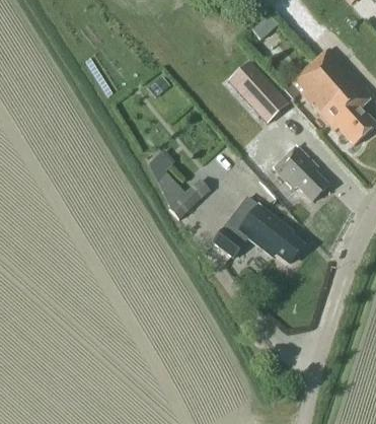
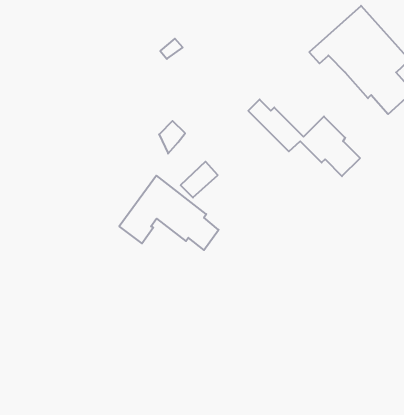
building: [226,59,281,115] -> none
building: [214,196,303,263] -> [119,176,219,250]

